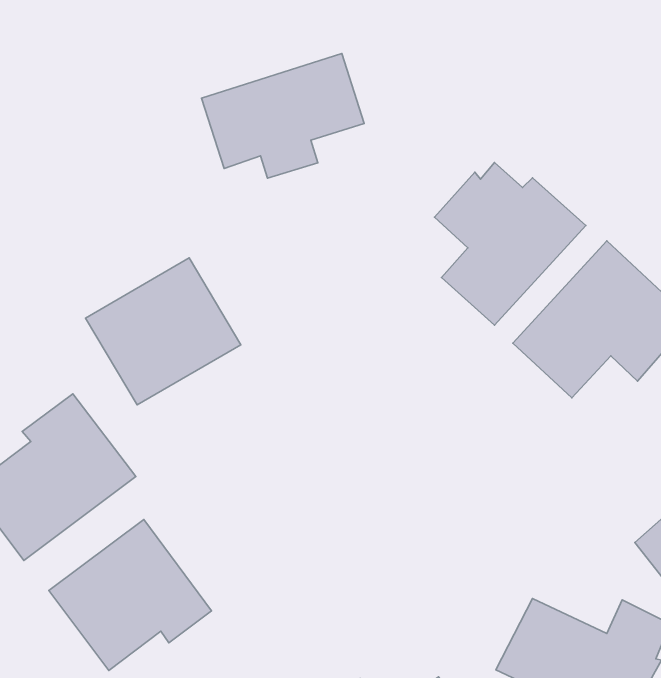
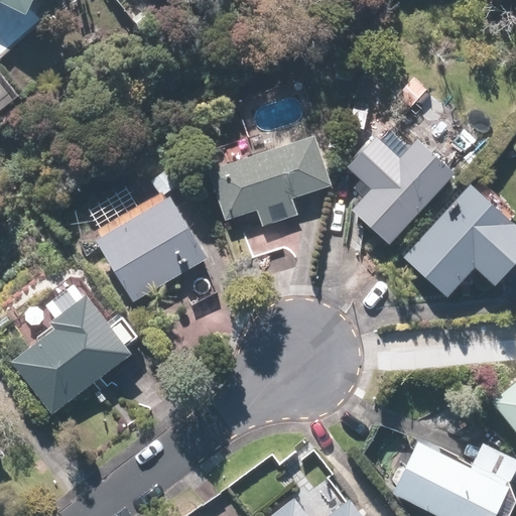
building: [202,53,364,178] -> [214,136,331,226]
building: [49,519,212,670] -> none

